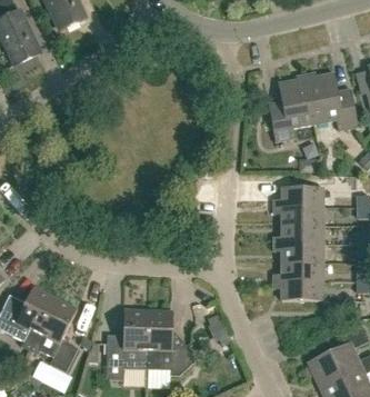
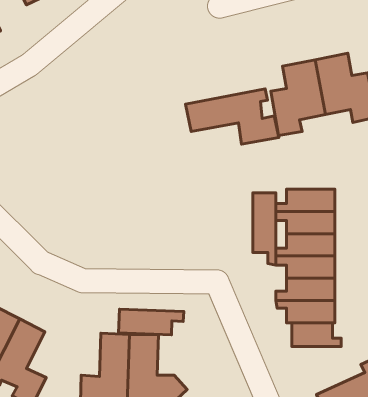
building: none -> [185,89,279,144]
building: none -> [253,193,276,265]
building: none -> [118,309,184,335]
building: none -> [292,323,341,346]

